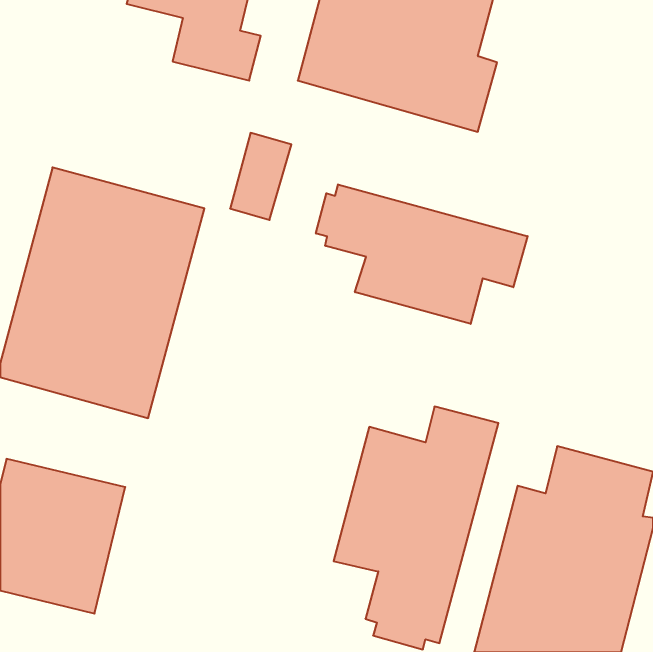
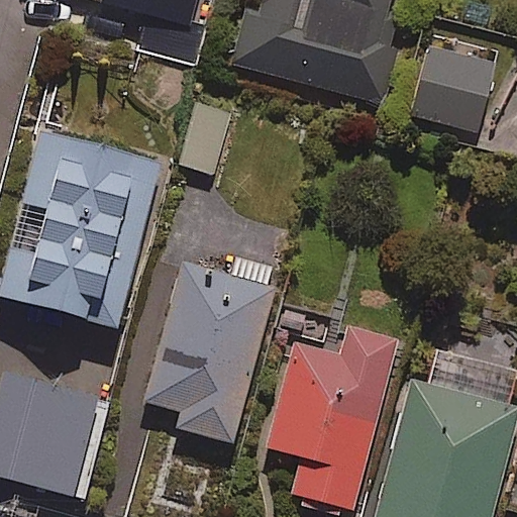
building: none -> [413,32,503,127]
building: [316,184,528,324] -> none
building: none -> [144,265,275,444]

